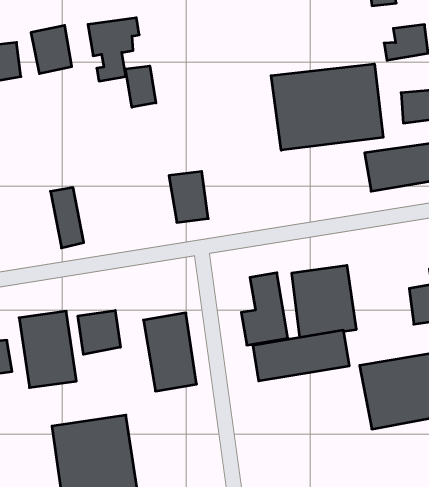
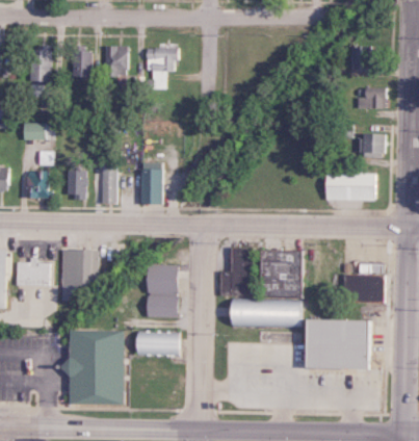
building: [271,64,383,150] -> none
building: [126,66,156,107] -> none
building: [169,171,208,222] -> [140,168,164,204]
building: none -> [66,170,87,199]
building: [78,310,120,354] -> none
building: none -> [134,325,171,357]

